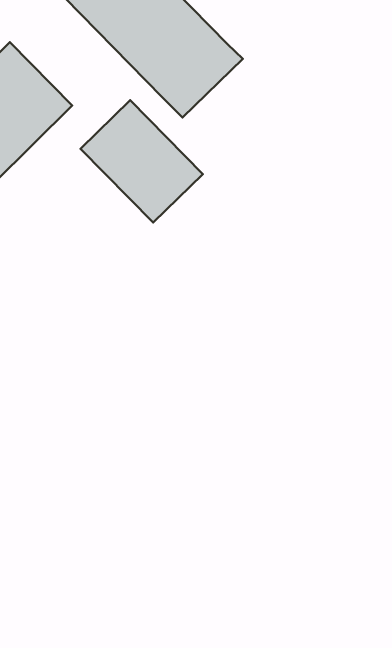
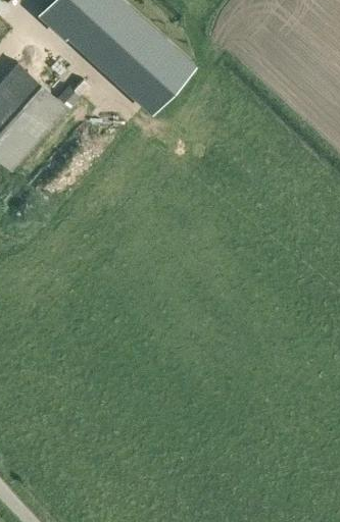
building: [81,100,203,223] -> none

